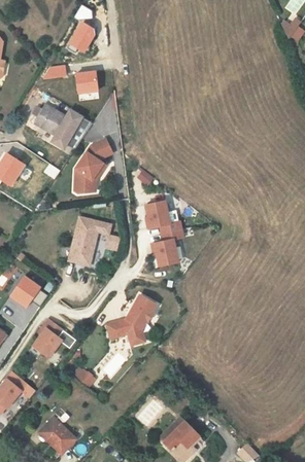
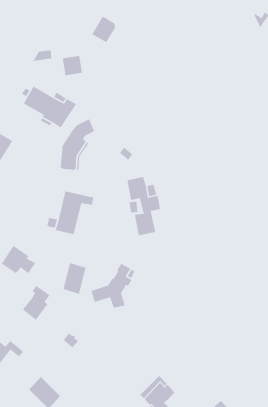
building: [67,23,94,52] -> [91,15,116,43]
building: none -> [62,262,87,295]

